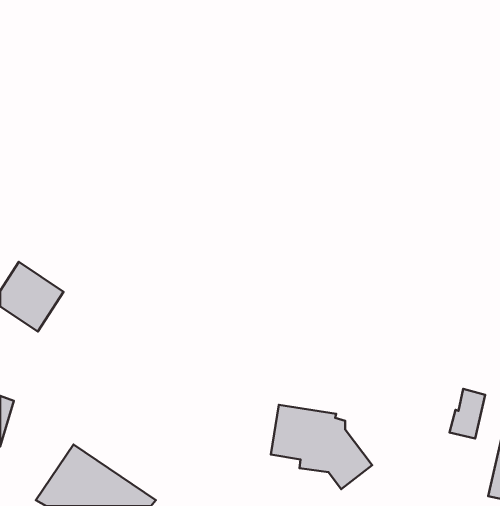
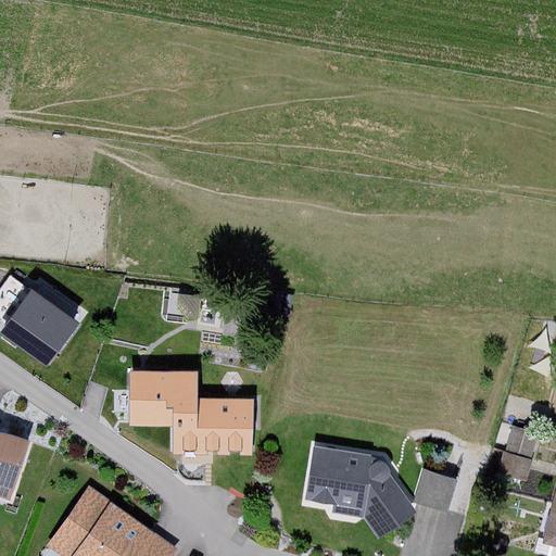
building: none -> [127,371,254,452]
building: none -> [416,470,457,508]

